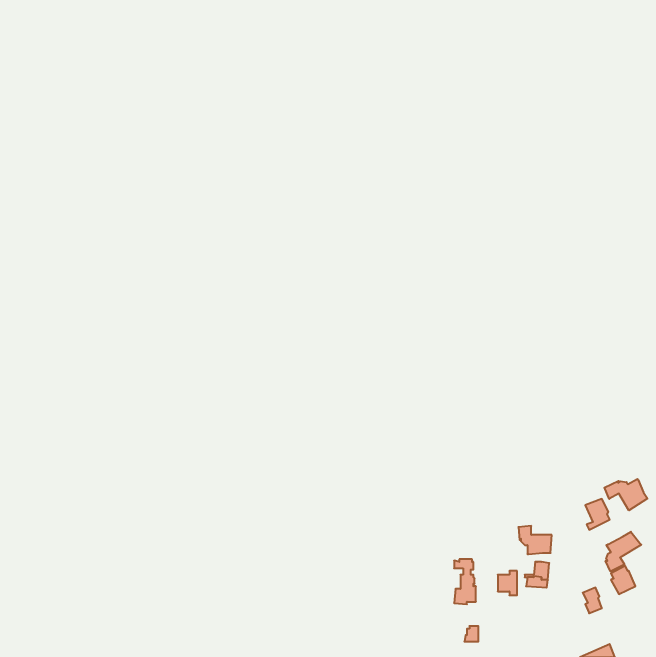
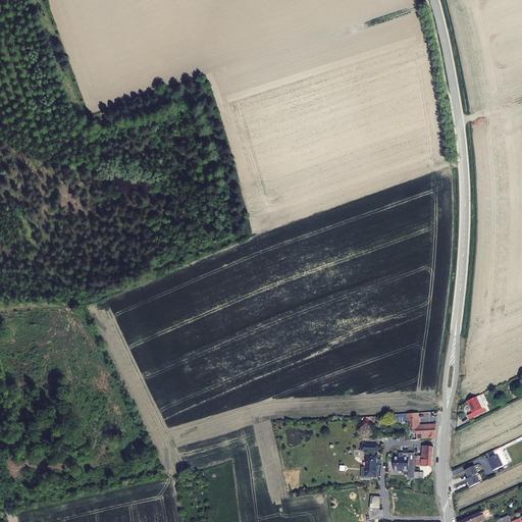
building: [604,479,647,510] -> none
building: [606,532,641,571] -> none

